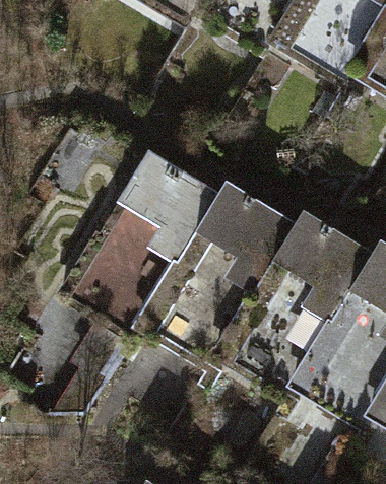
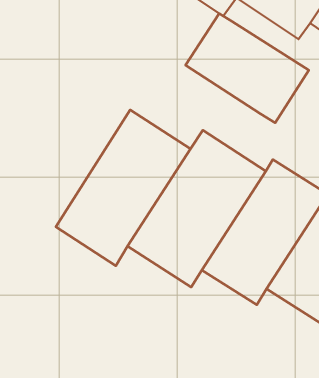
building: none -> [186,13,309,123]

